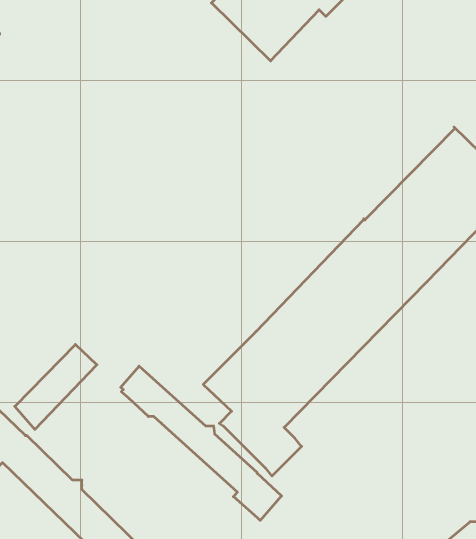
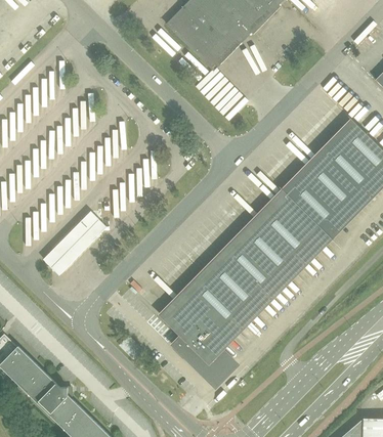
building: [15,344,97,429] -> [44,213,107,277]
building: [121,366,282,520] -> none

